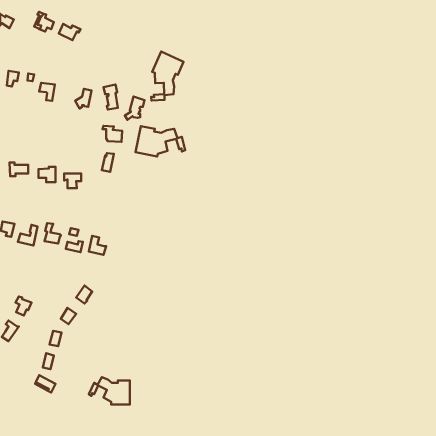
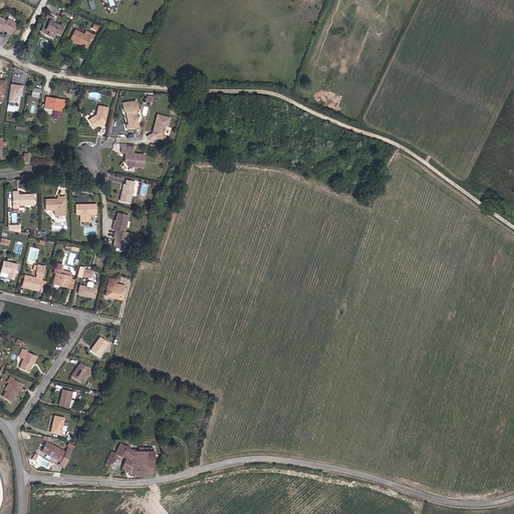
building: [151,51,184,101] -> none
building: [135,126,185,157] -> none
building: none -> [112,212,130,248]

